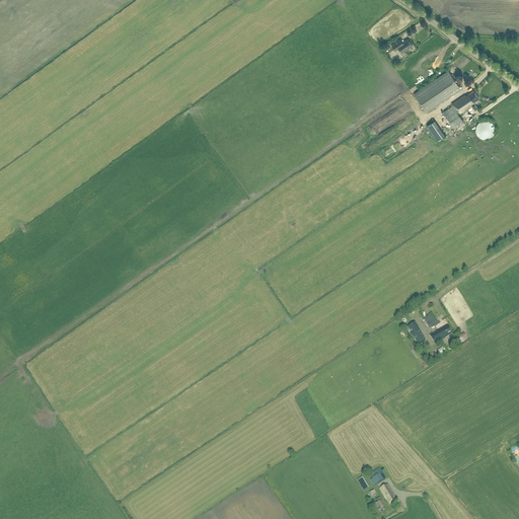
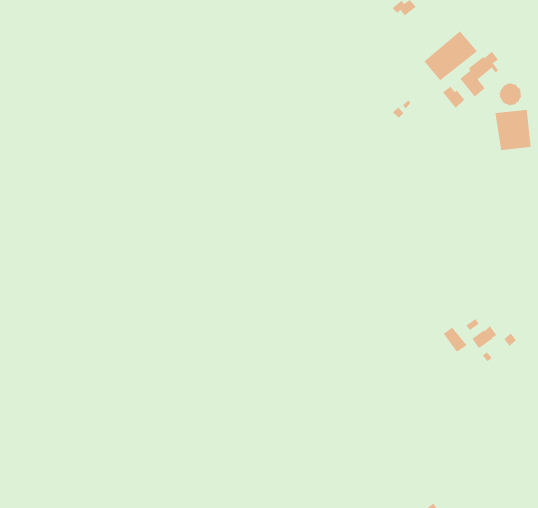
building: none -> [495,109,531,151]

